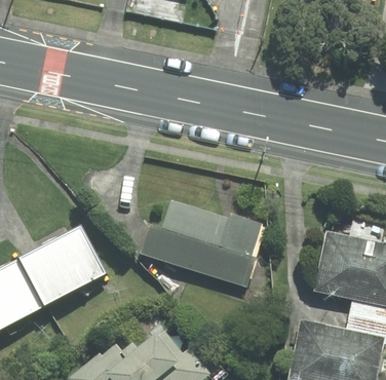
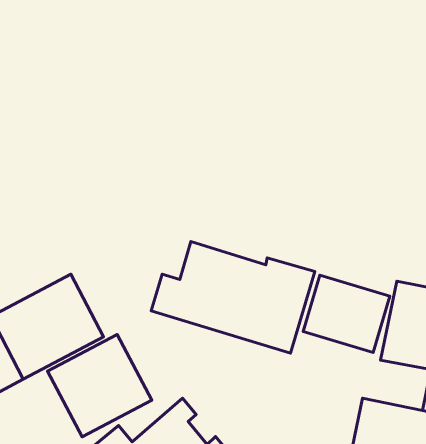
building: none -> [303,275,390,353]
building: none -> [48,335,152,437]

